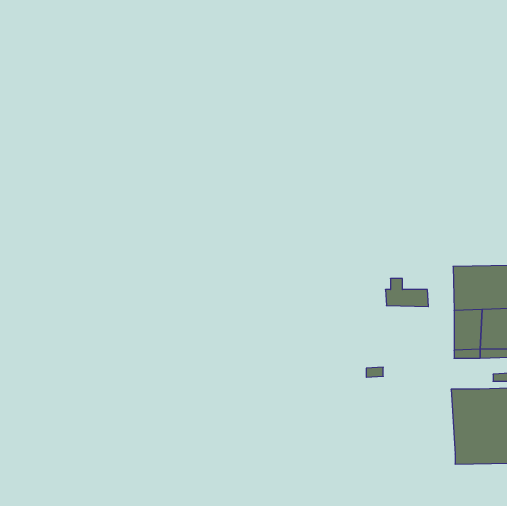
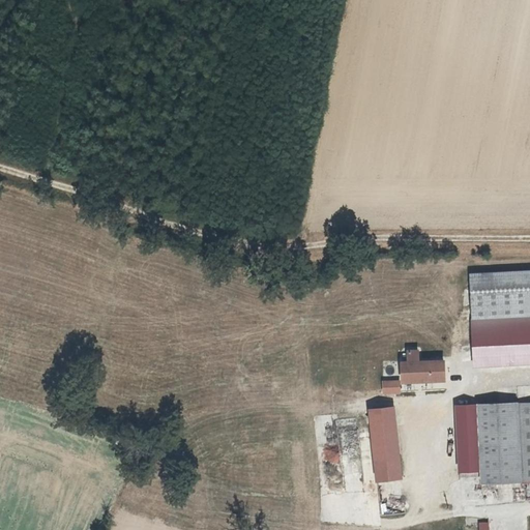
building: [385,279,428,307] -> [400,351,444,380]
building: none -> [453,404,475,472]
building: none -> [370,406,396,478]

